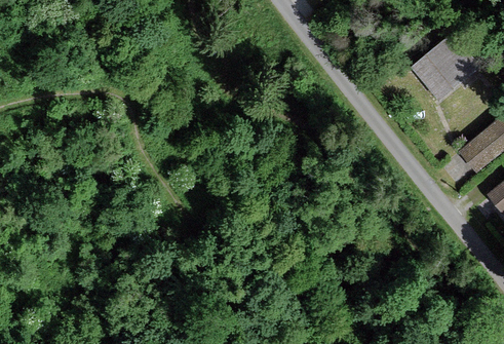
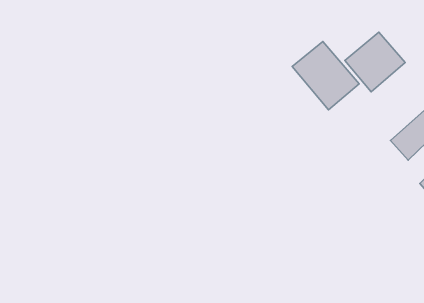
building: none -> [292,42,359,110]

